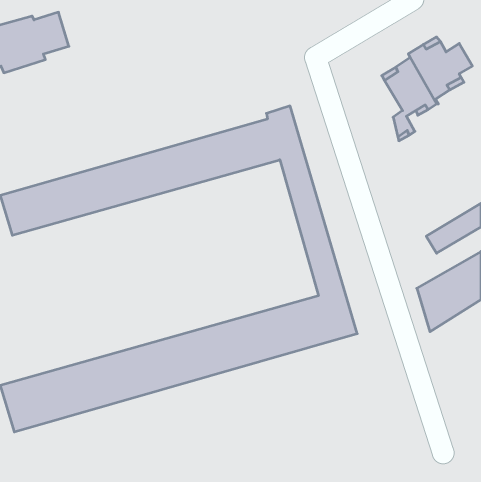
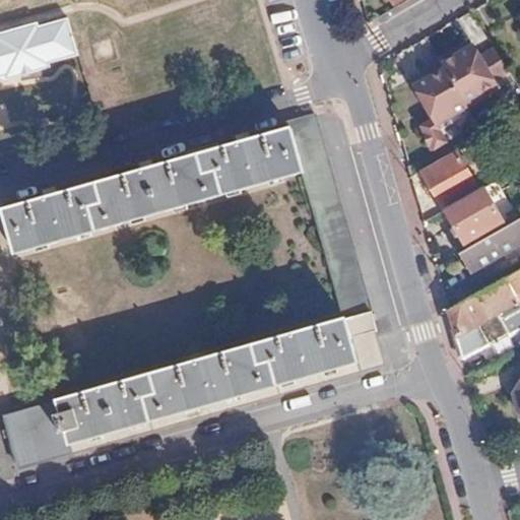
building: none -> [420,149,476,205]
building: none -> [445,188,501,241]

